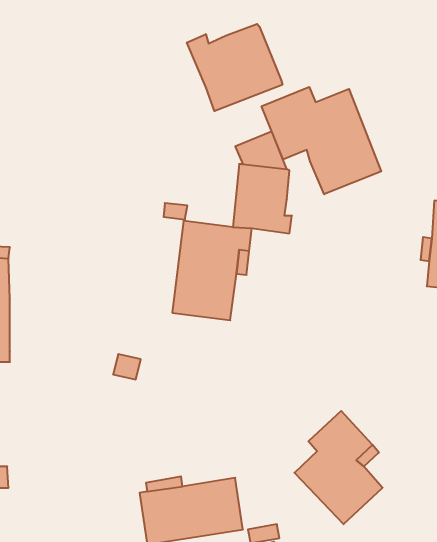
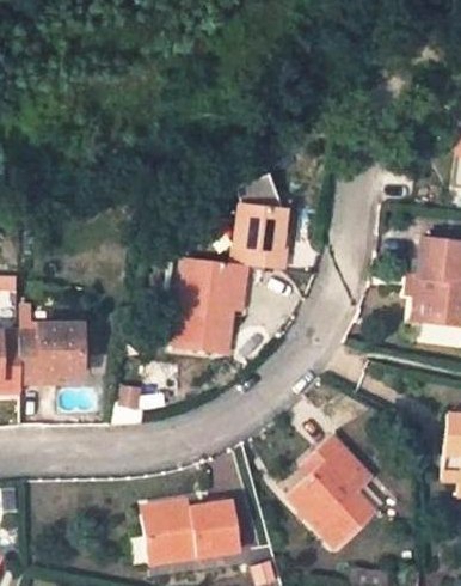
building: [187,24,282,111] -> none
building: [262,87,381,194] -> none
building: none -> [19,325,81,383]

